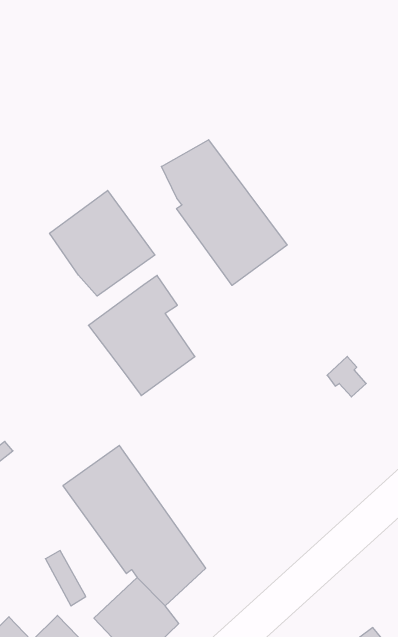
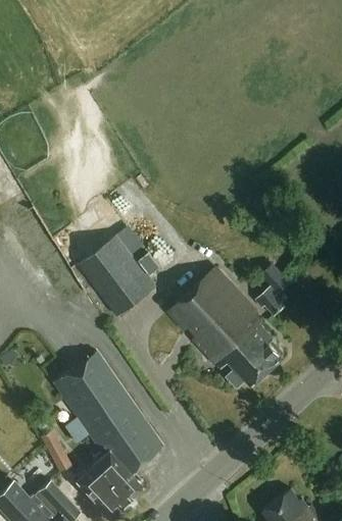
building: [161,140,287,285] -> none
building: [50,190,155,296] -> none
building: none -> [168,269,282,386]

